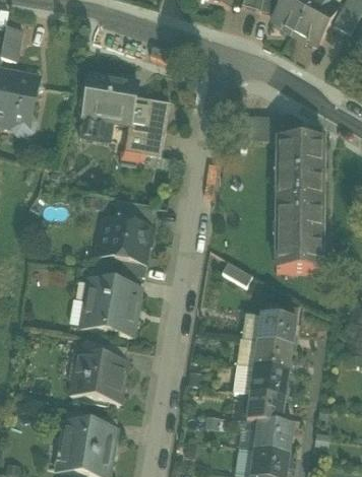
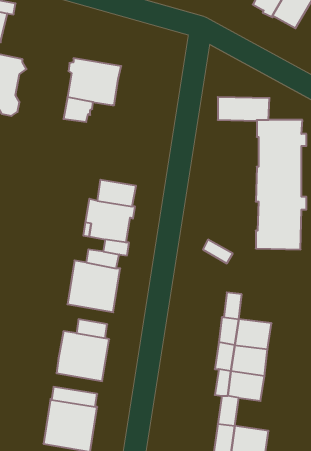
building: [125,96,170,156] -> none
building: [258,315,296,345] -> none
building: [254,421,293,455] -> none

